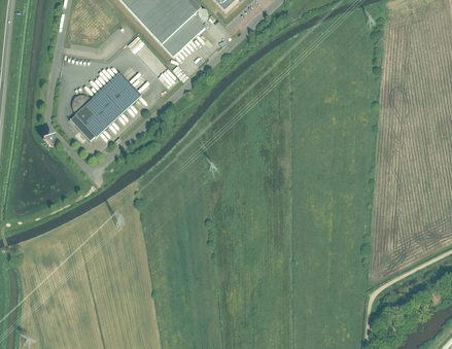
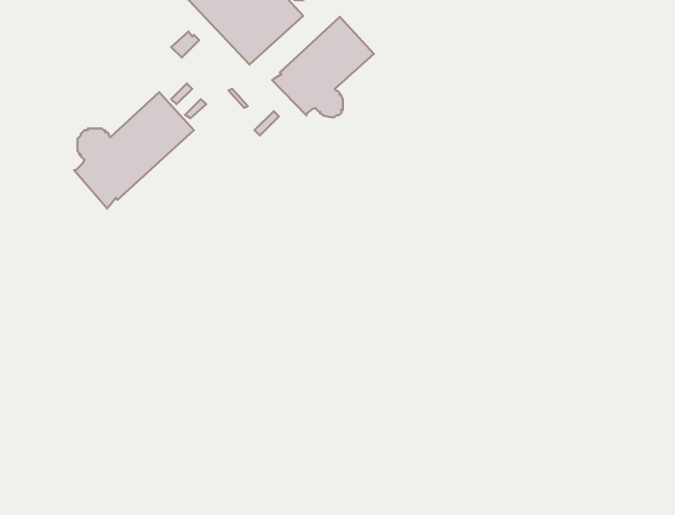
building: none -> [272,17,374,118]

